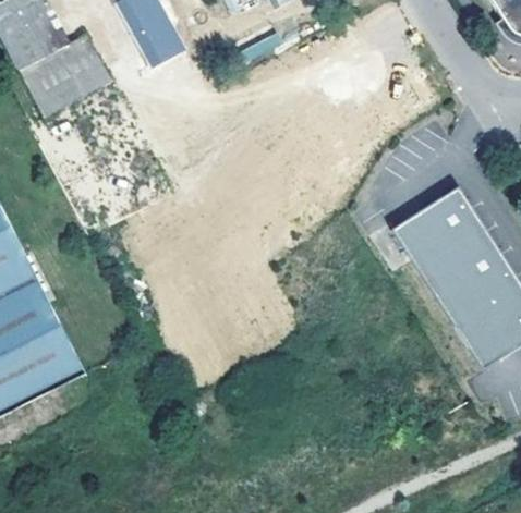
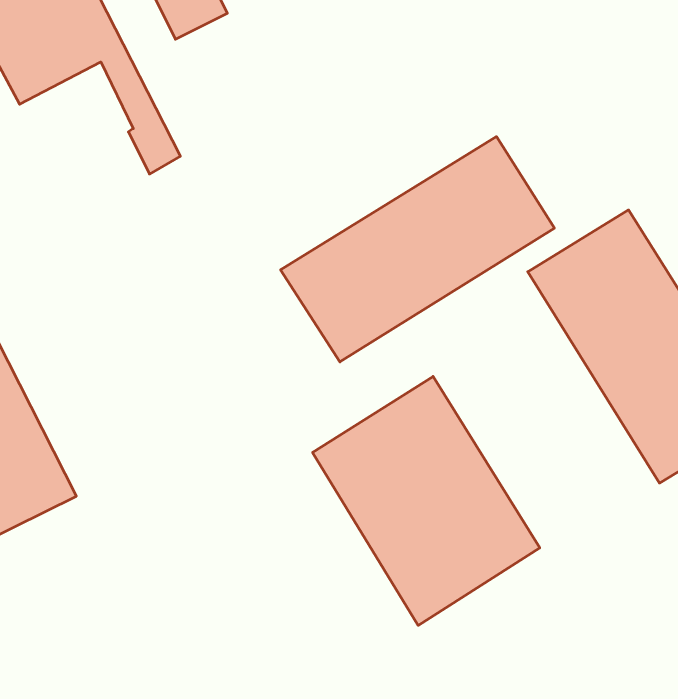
building: none -> [281,137,554,362]
building: none -> [313,376,540,625]

